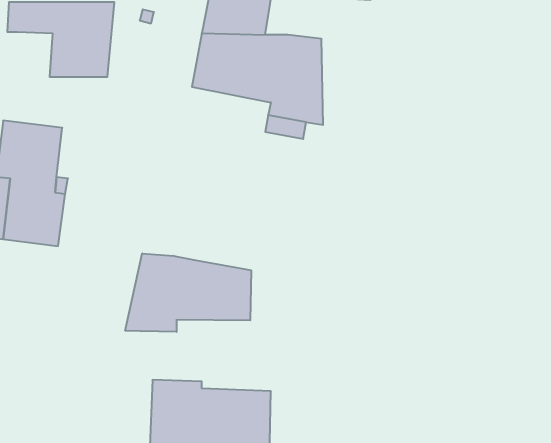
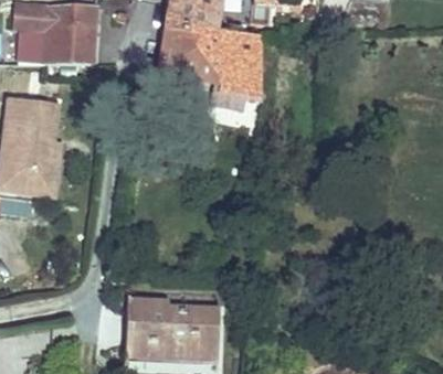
building: none -> [18,28,48,63]
building: [125,253,251,332] -> none

